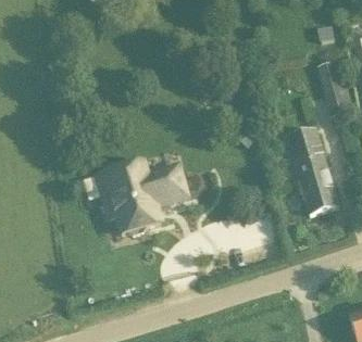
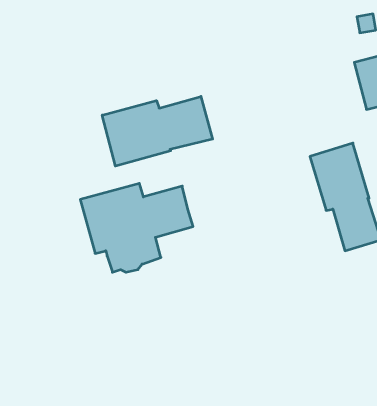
building: none -> [102,96,213,166]

